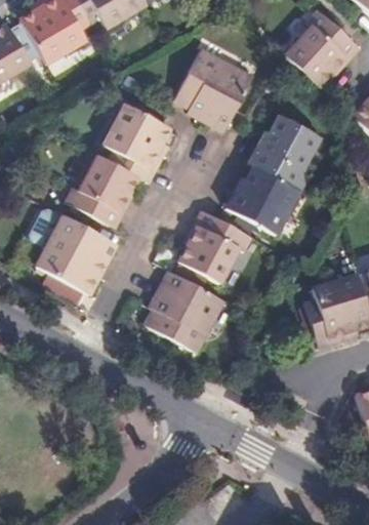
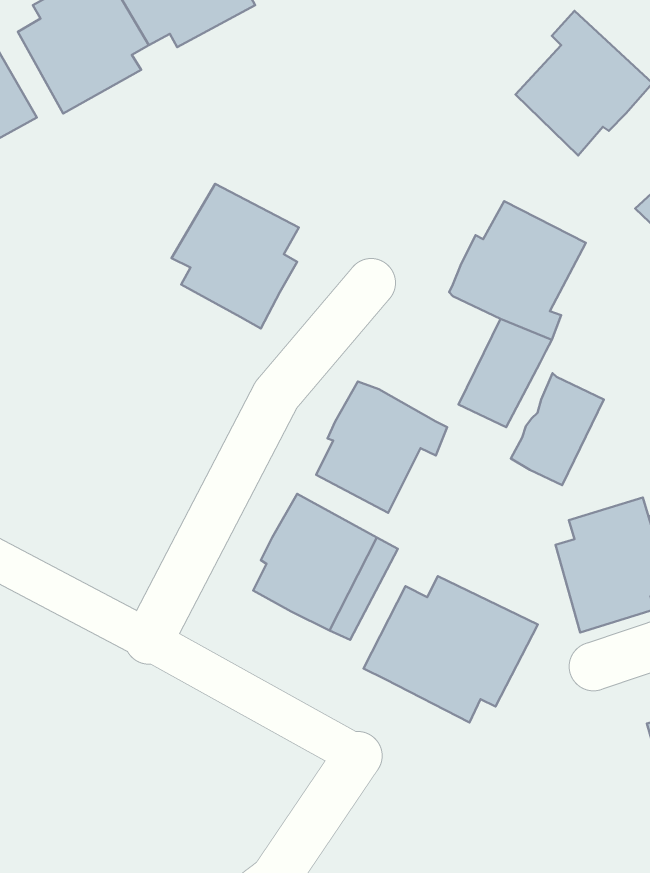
building: [174,49,251,128] -> none
building: [62,152,137,227] -> none
building: [228,161,278,221] -> [511,373,604,485]
building: [36,213,117,292] -> none
building: none -> [363,576,538,722]

